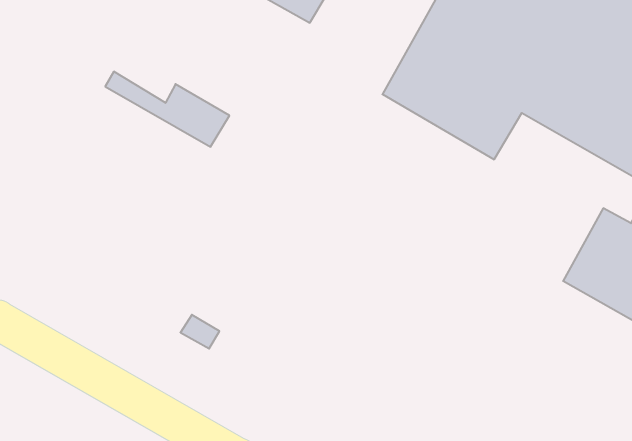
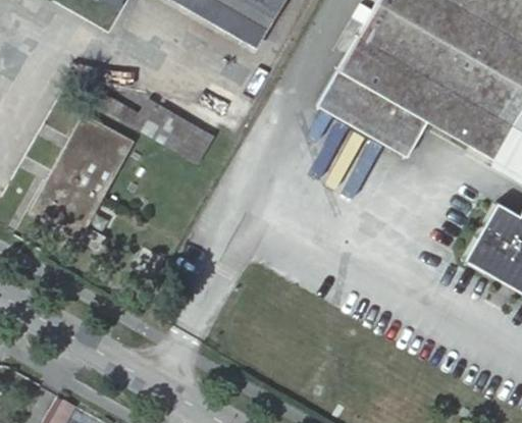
building: none -> [31,113,136,250]

